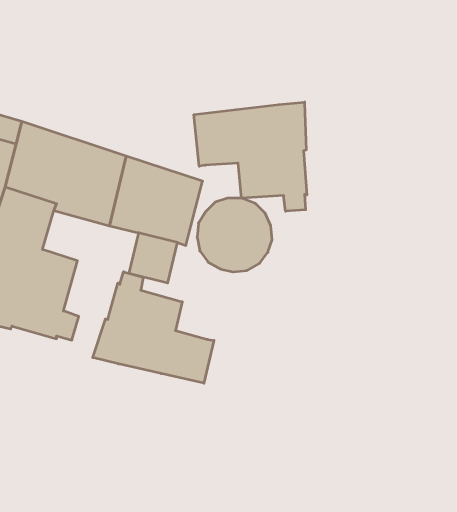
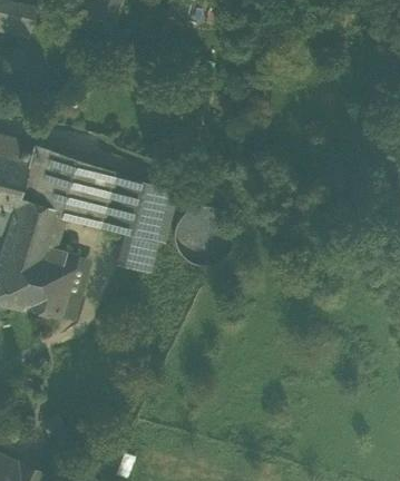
building: [194,102,307,211] -> none
building: [93,272,214,383] -> none

